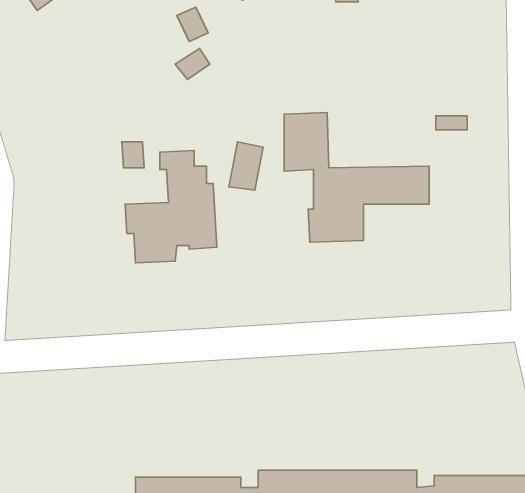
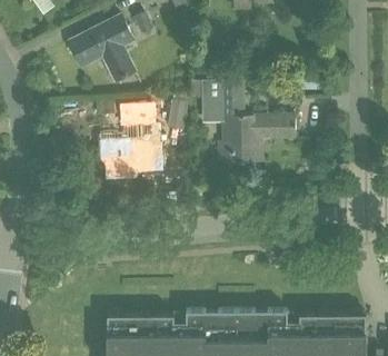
building: none -> [68,16,135,81]

